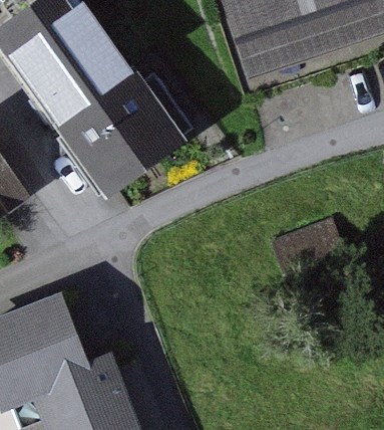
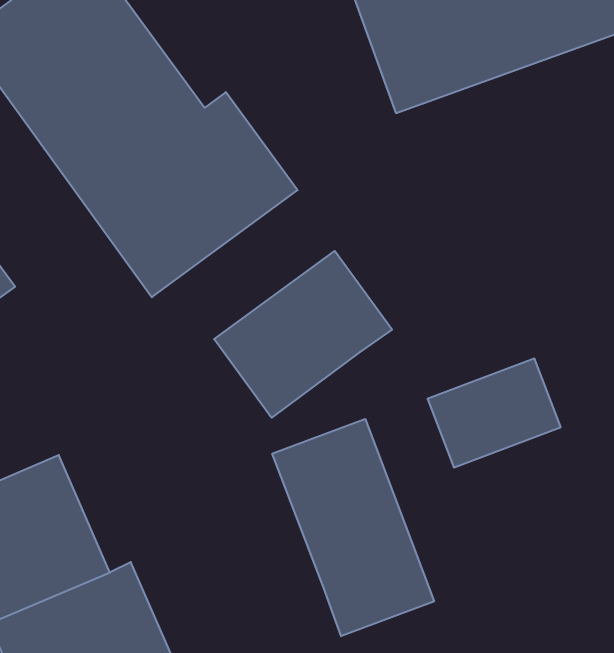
building: none -> [214,251,392,418]
building: none -> [272,419,434,636]

